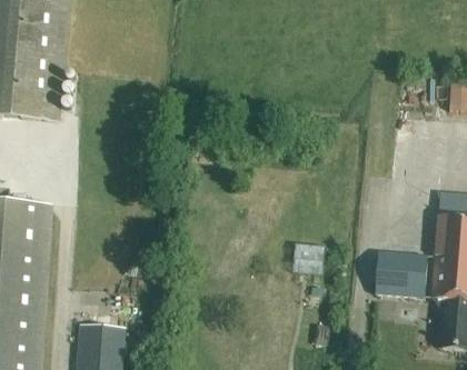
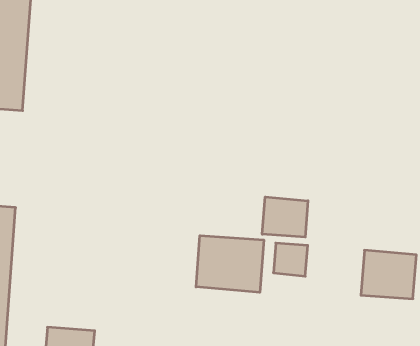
building: none -> [262,197,308,237]
building: none -> [196,236,264,292]

